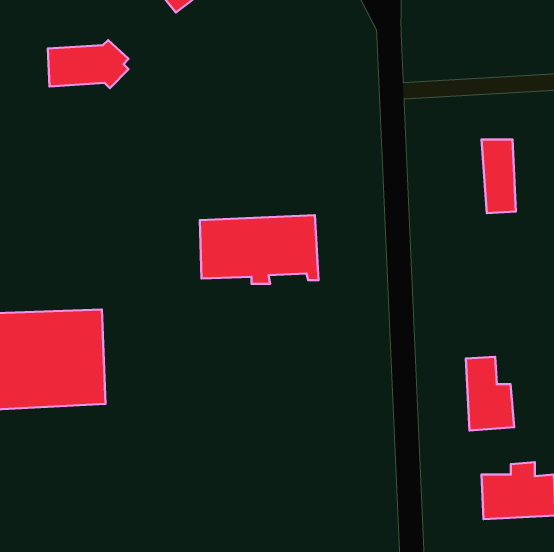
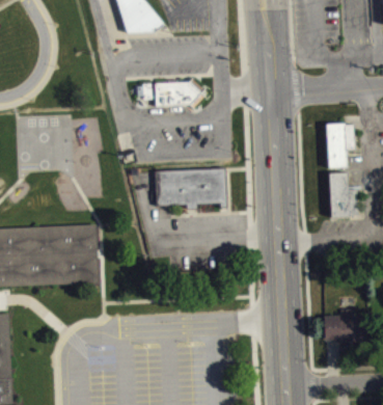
building: [48,40,129,88] -> [156,76,204,105]
building: [466,357,514,431] -> [330,169,359,214]

